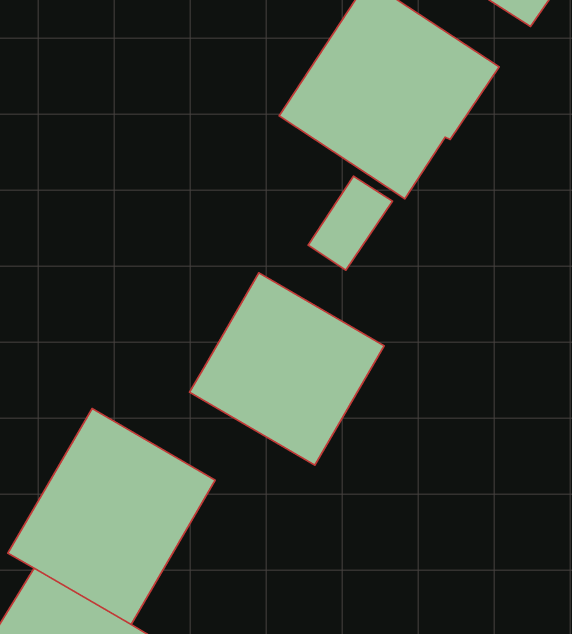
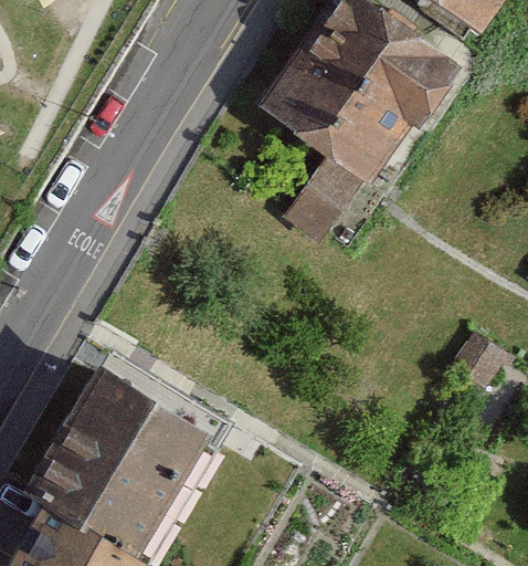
building: [189,273,384,465] -> none

